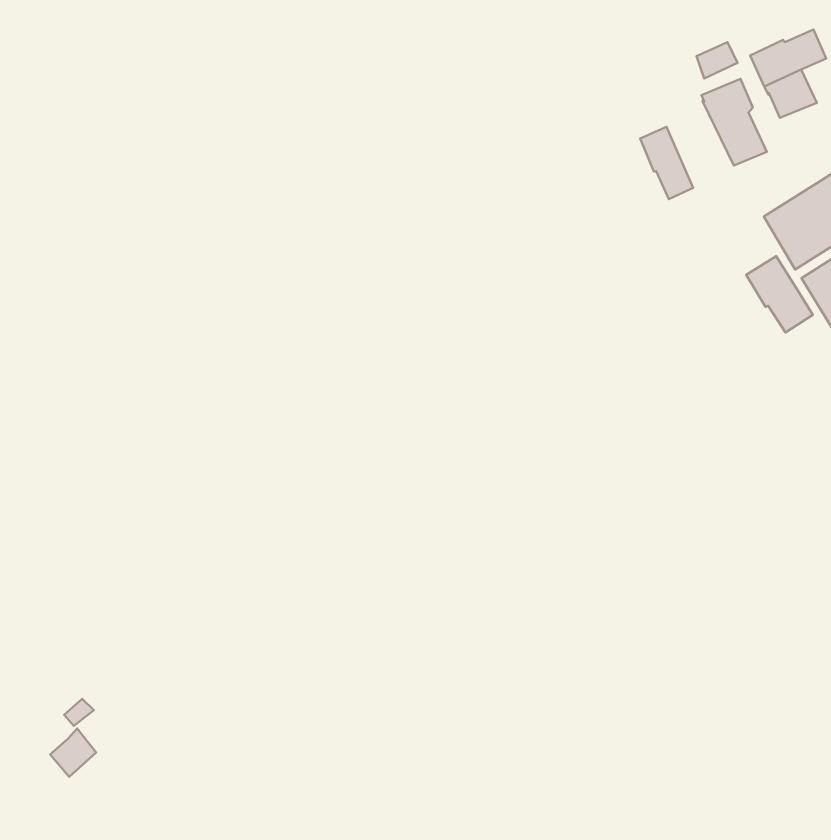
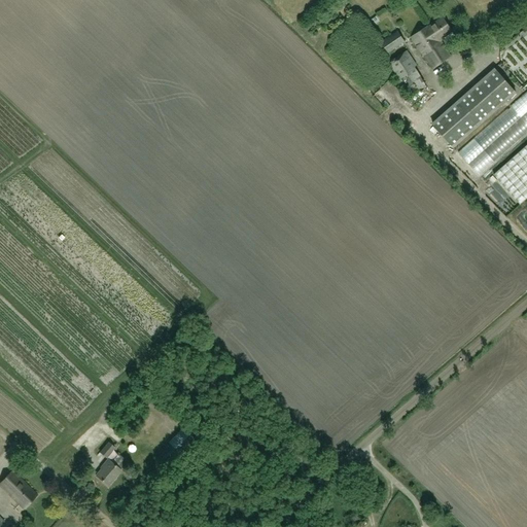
building: [640,127,693,199] -> none
building: [746,256,813,332] -> none

